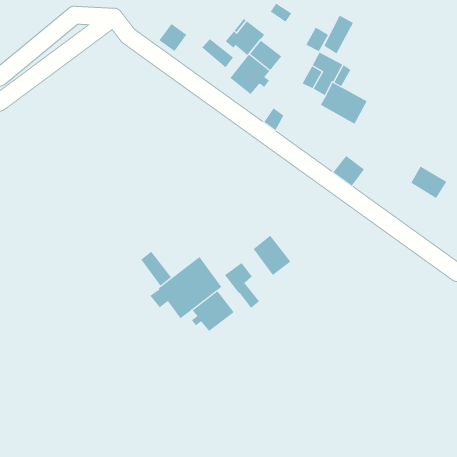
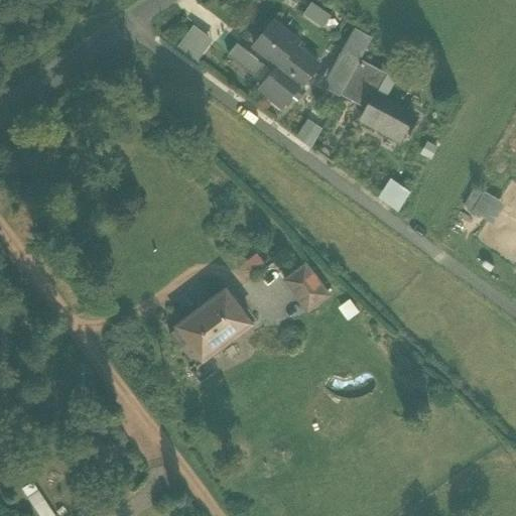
building: [323,15,354,54] -> [325,49,359,94]
building: [140,251,172,286] -> none
building: [224,262,260,309] -> none
building: [191,291,234,332] -> none

